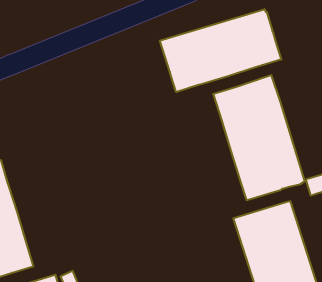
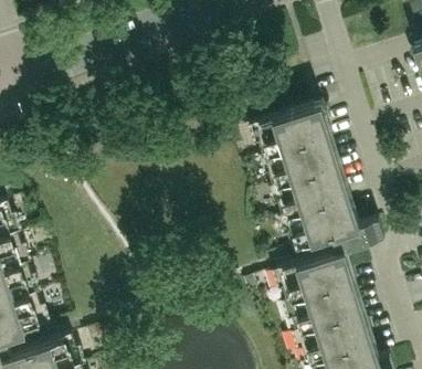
building: [160,9,281,92] -> none

